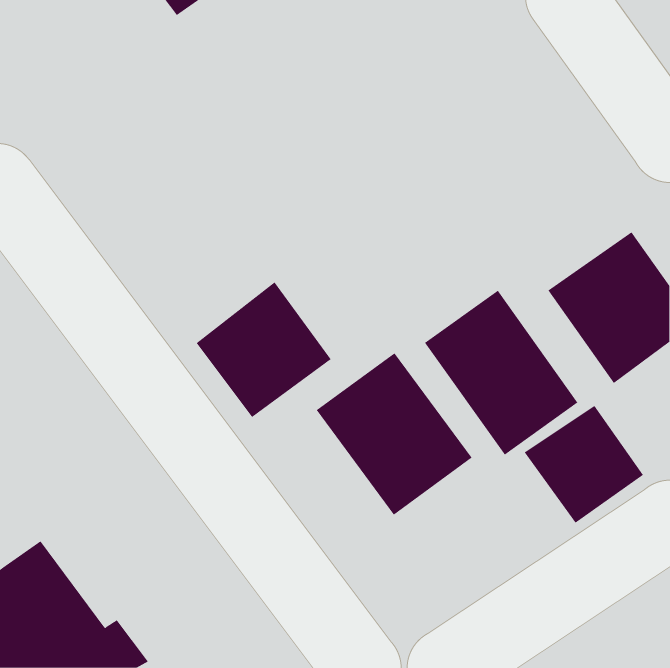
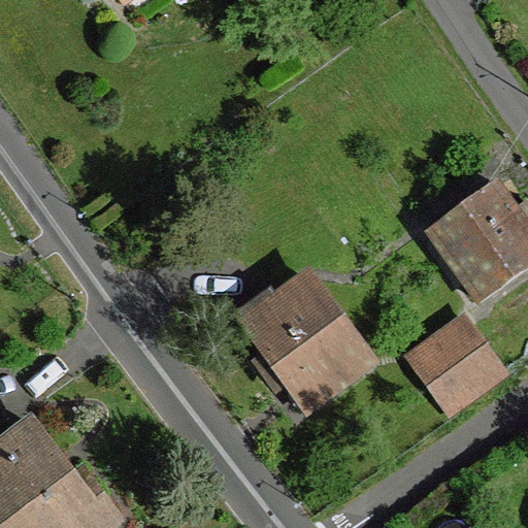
building: [196,281,331,418] -> none
building: [424,290,578,455] -> none

